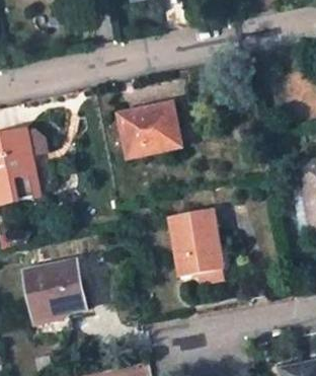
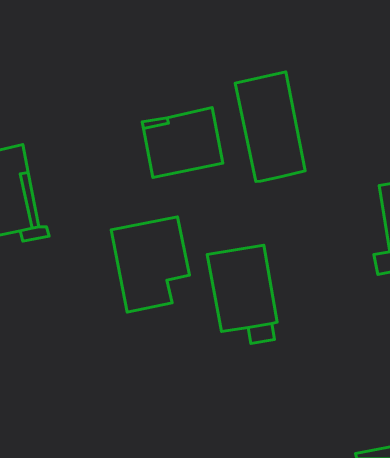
building: none -> [235,72,305,182]
building: [24,264,84,336] -> [111,217,189,312]

